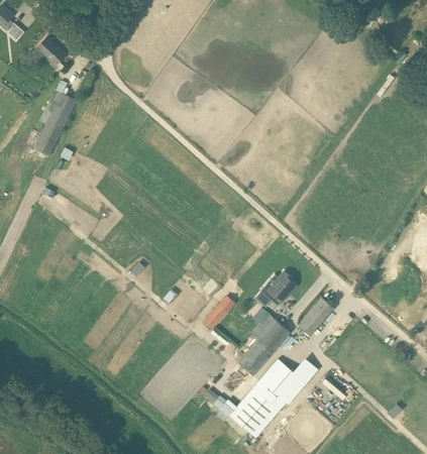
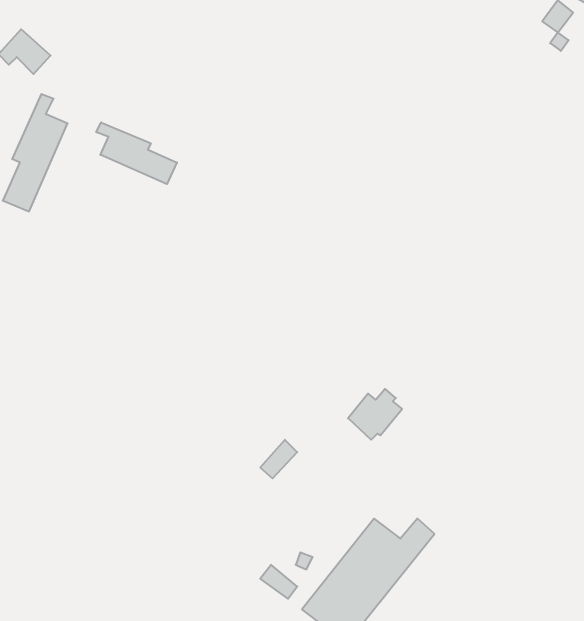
building: none -> [96,122,177,184]
building: [299,298,335,336] -> none
building: [239,315,290,376] -> none

